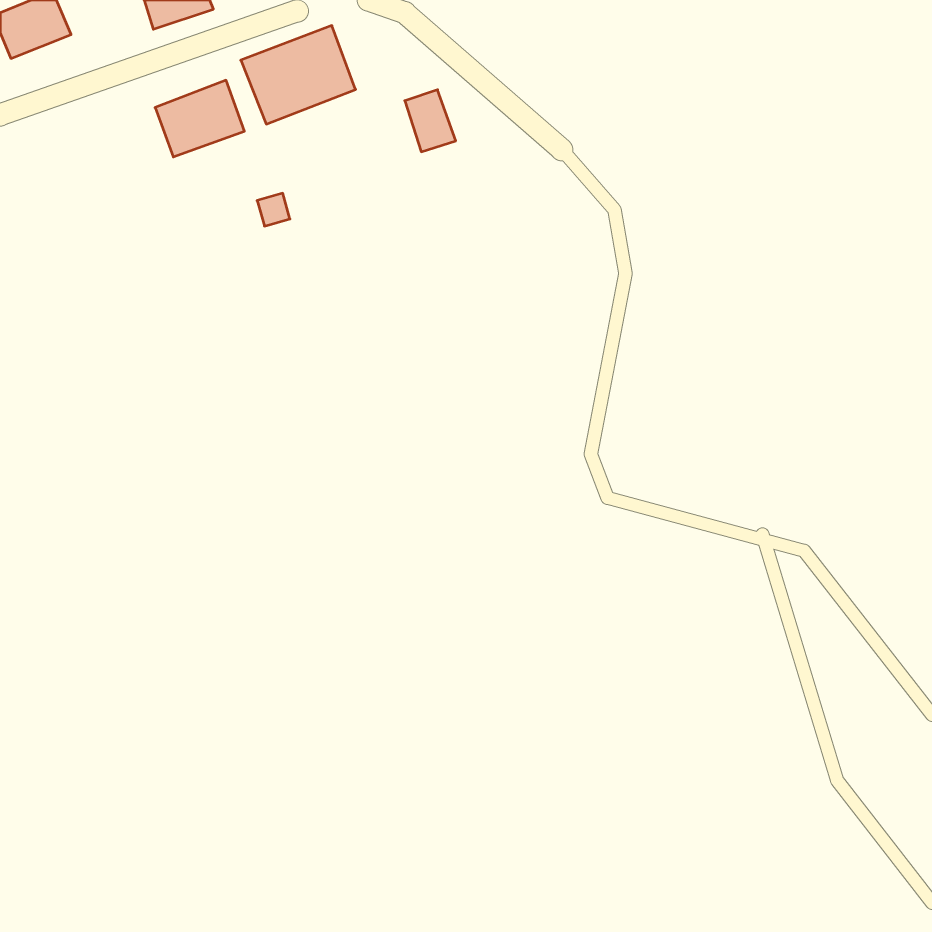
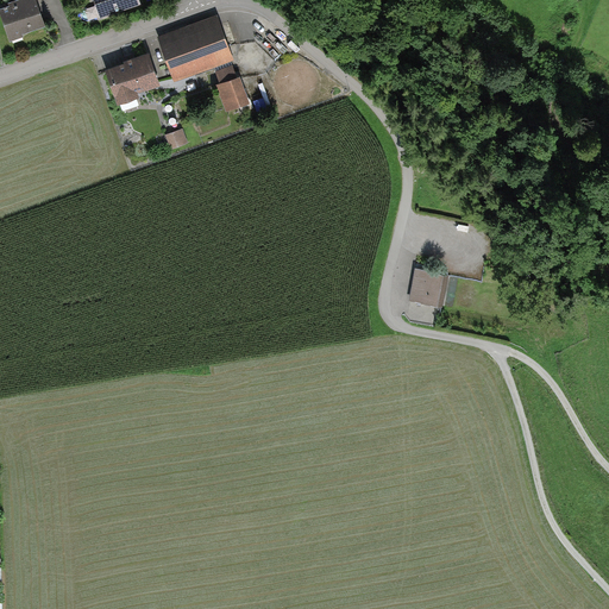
building: [405,90,456,152] -> [215,67,249,107]
building: none -> [408,270,447,308]

